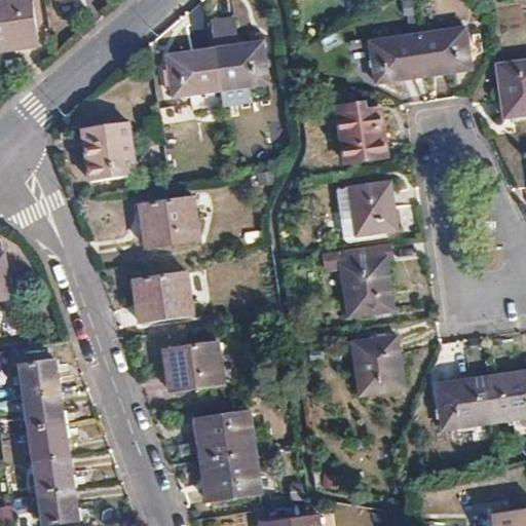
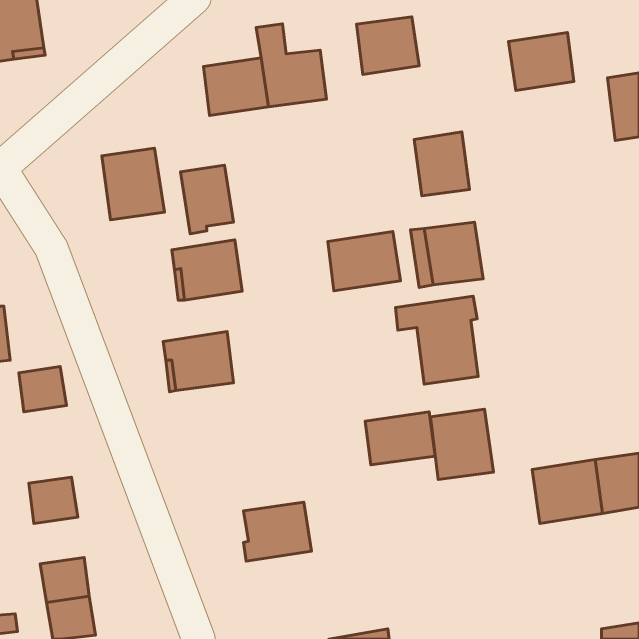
building: [371,34,422,81] -> [357,17,419,74]
building: none -> [181,165,234,234]
building: none -> [328,232,401,291]
building: none -> [365,412,435,465]
building: [163,341,222,389] -> none
building: [20,359,59,396] -> [19,367,67,412]
building: [28,423,69,461] -> none
building: [201,451,261,500] -> none

